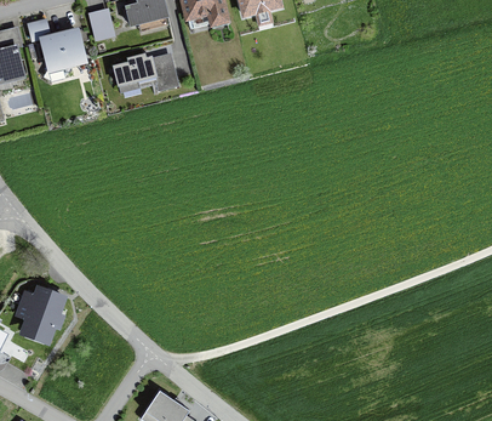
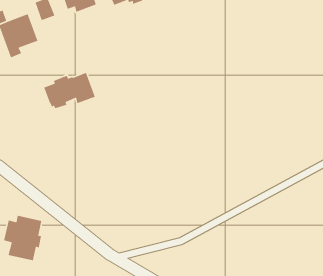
building: [113,52,179,96] -> [43,72,96,109]

